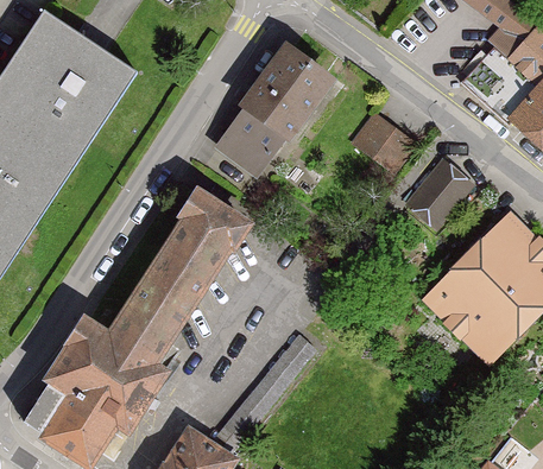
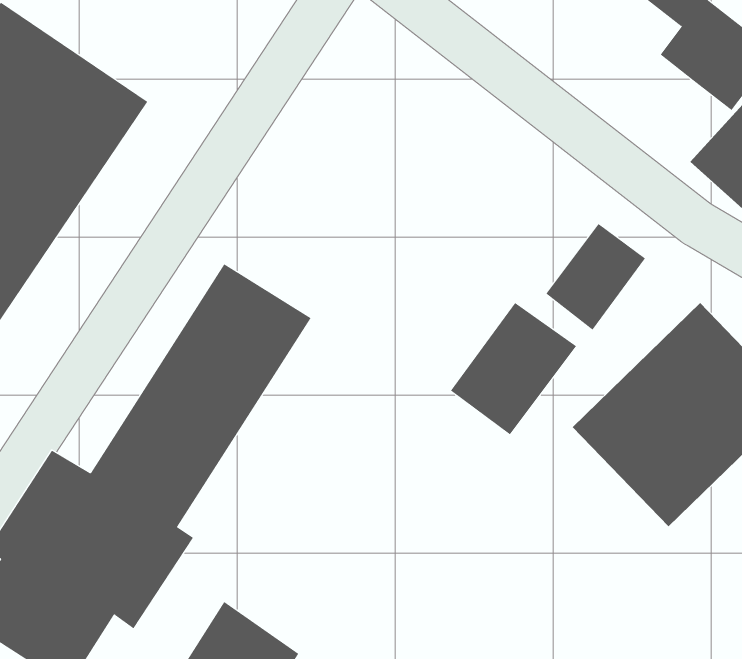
building: [213,47,332,175] -> none
building: [353,112,419,175] -> none
building: none -> [450,302,577,435]

